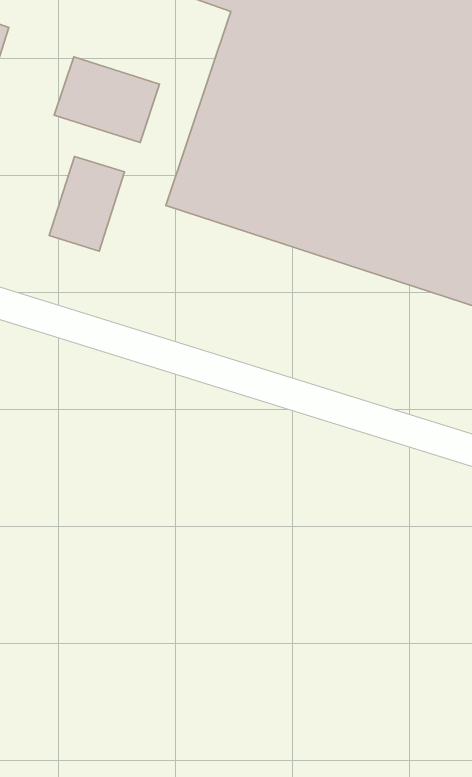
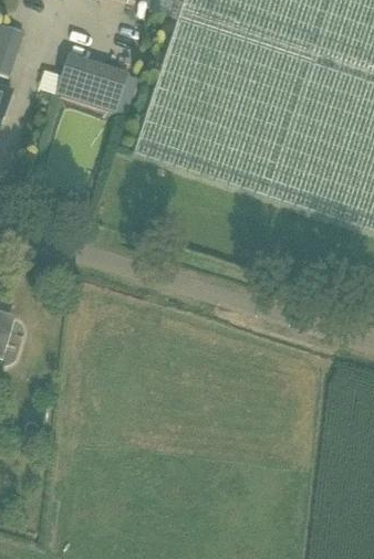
building: [49,156,125,251] -> none

